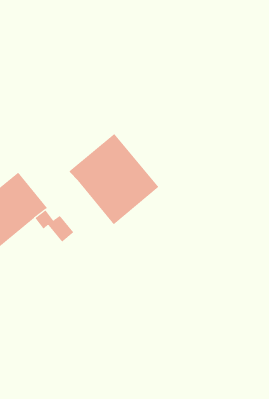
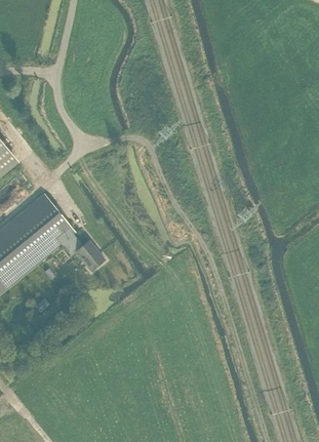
building: [69,133,159,225] -> none

